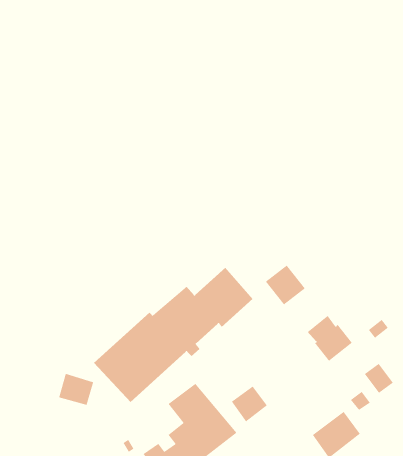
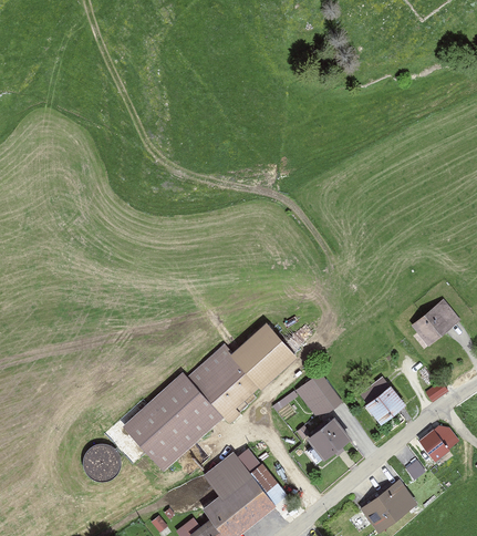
building: none -> [411,303,453,344]
building: [265,265,306,306] -> [294,372,340,418]
building: [231,385,268,422] -> [311,419,352,460]

